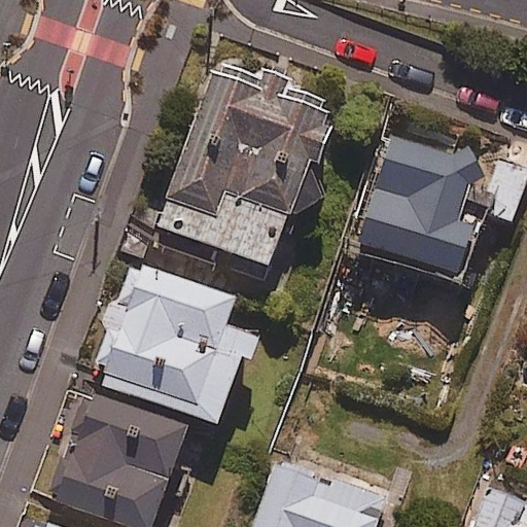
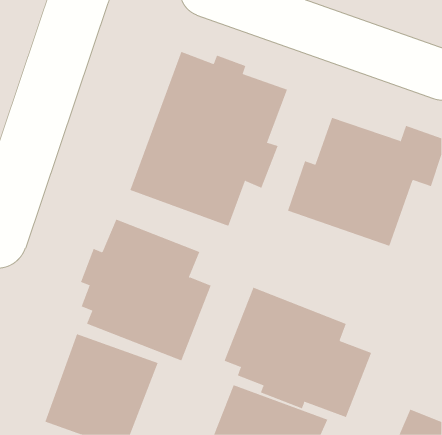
building: none -> [224,287,372,418]

